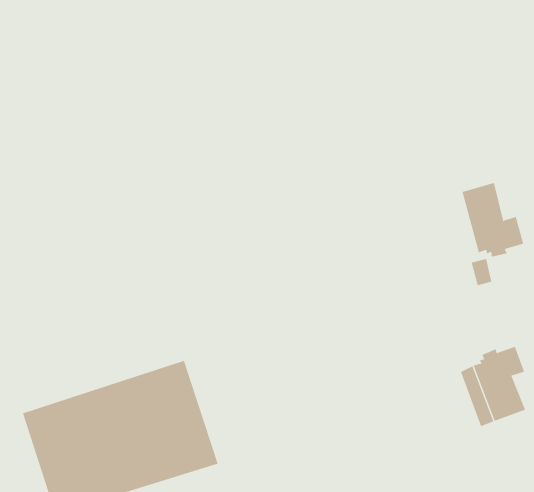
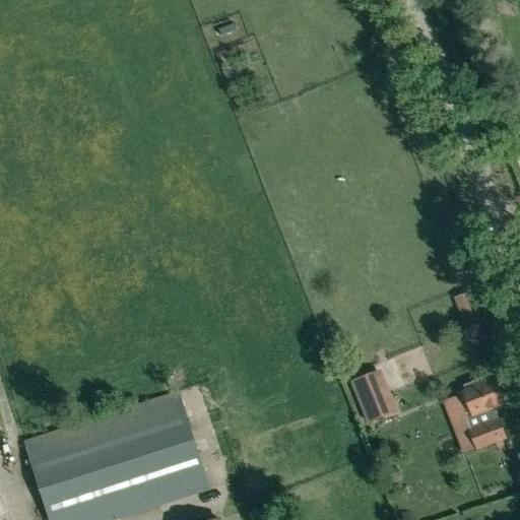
building: [462,182,524,257] -> none
building: none -> [350,369,397,424]

